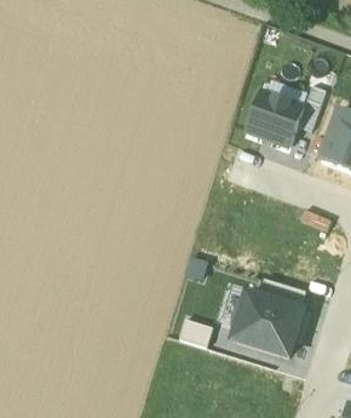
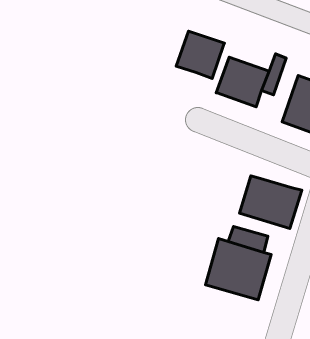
building: none -> [176,31,224,79]
building: none -> [240,176,302,229]

